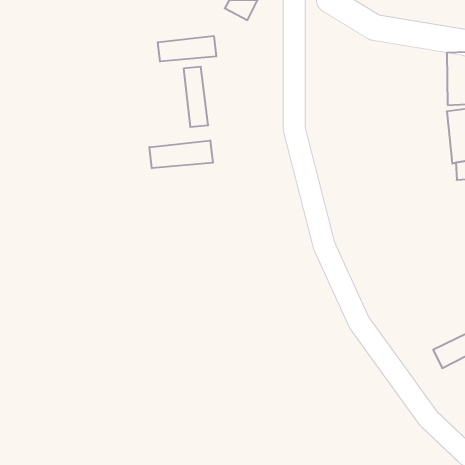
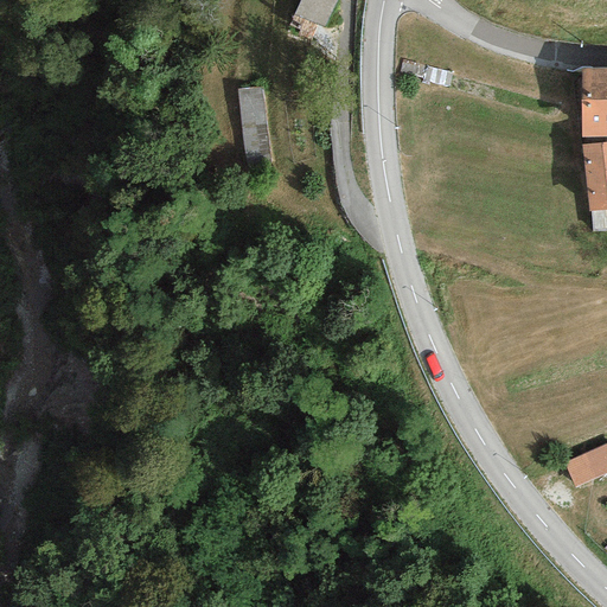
building: [158,36,216,62] -> none
building: [149,140,213,168] -> none

